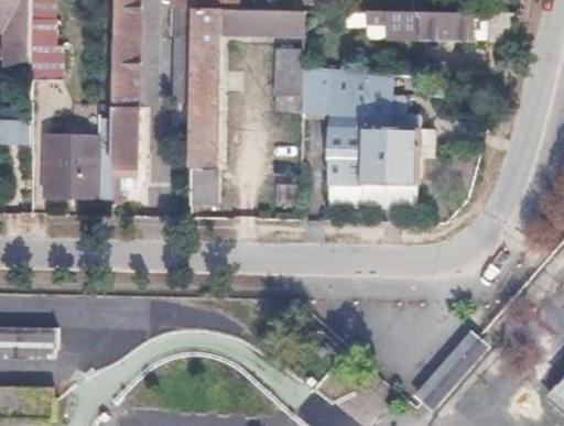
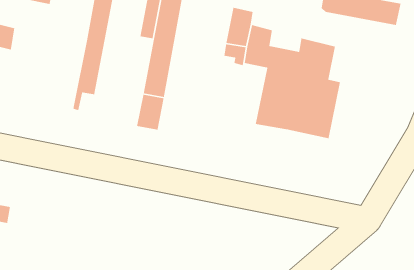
building: [43,119,112,197] -> none

